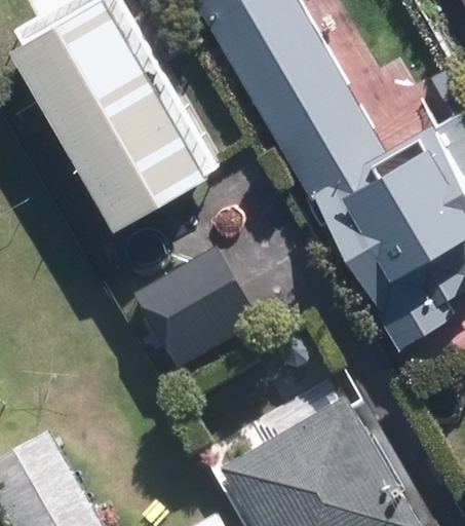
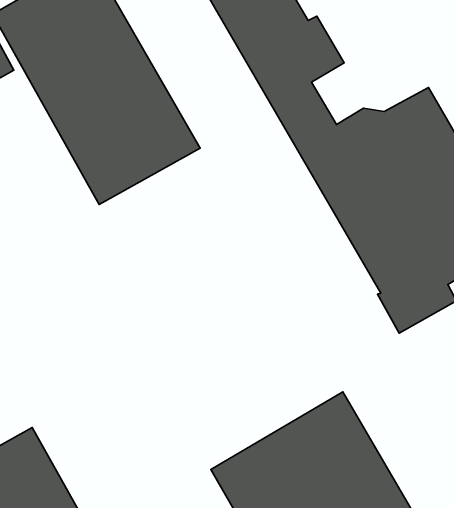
building: [133,251,257,374] -> none

